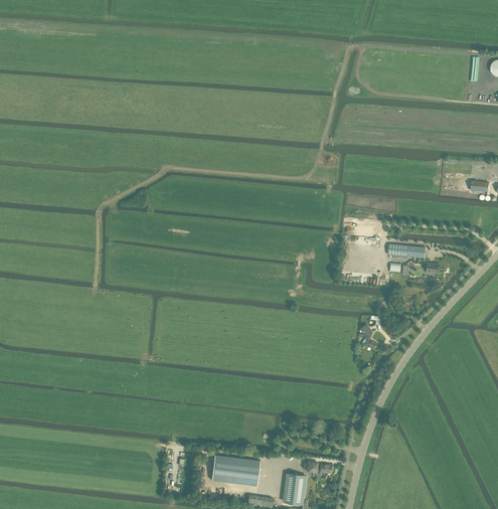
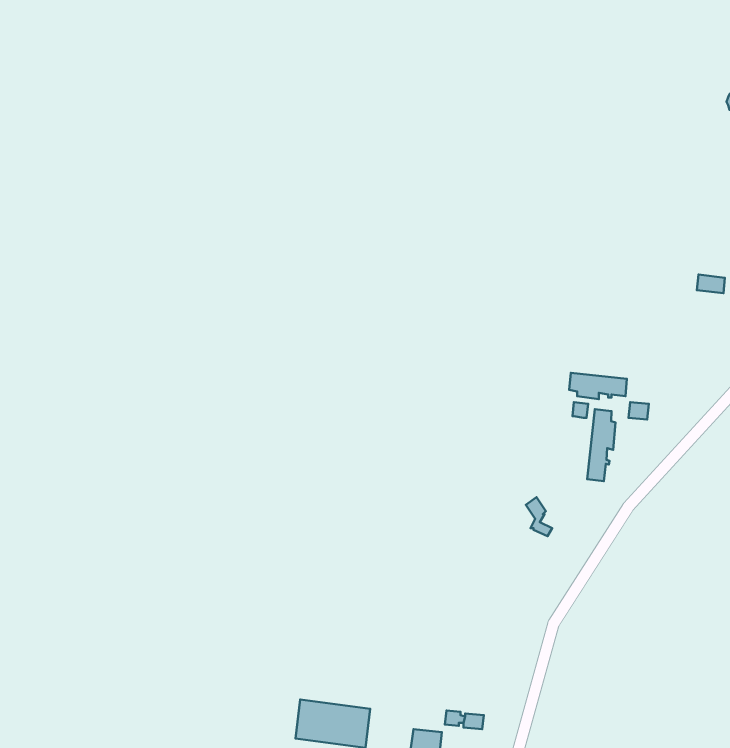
building: none -> [587,409,616,481]

